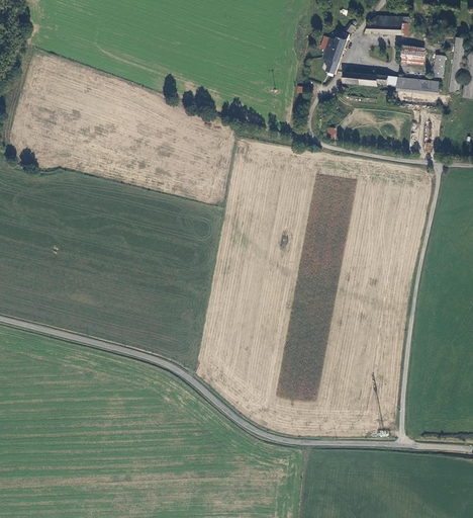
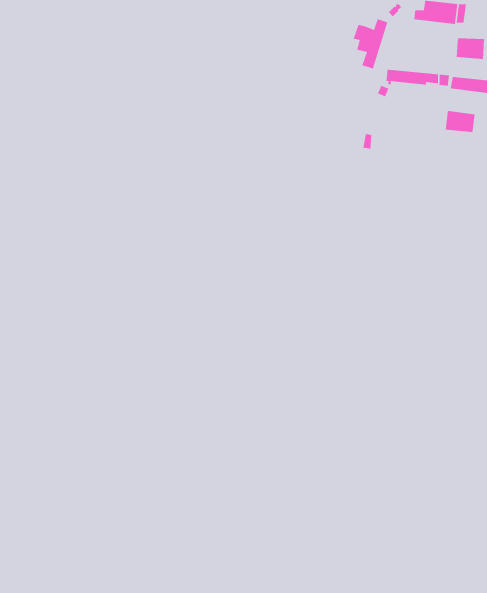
building: none -> [445,110,475,133]

